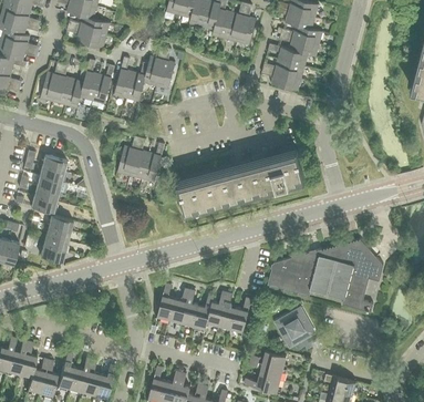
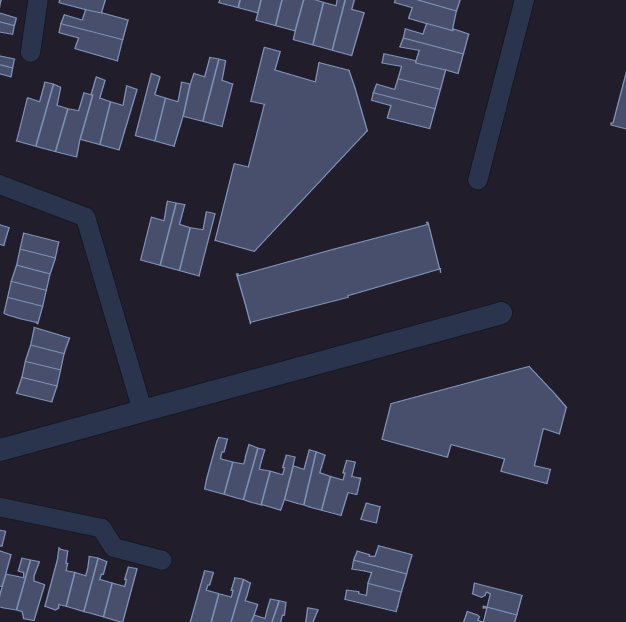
building: none -> [215,47,367,251]
building: [277,309,313,347] -> none

